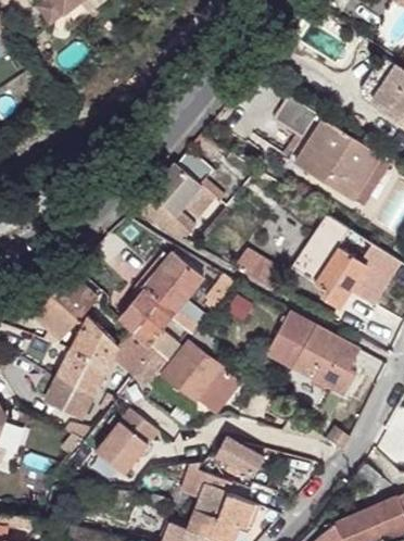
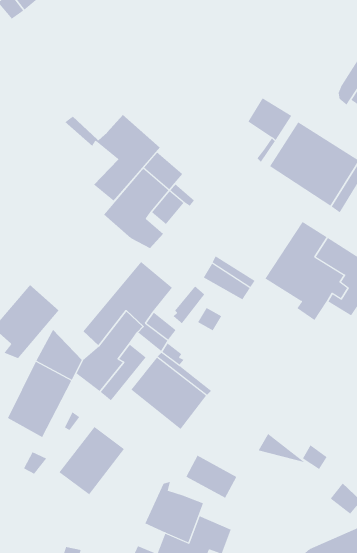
building: none -> [64,114,160,201]
building: [267,311,359,394] -> none

